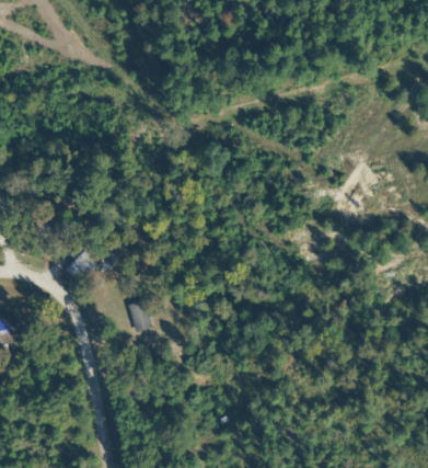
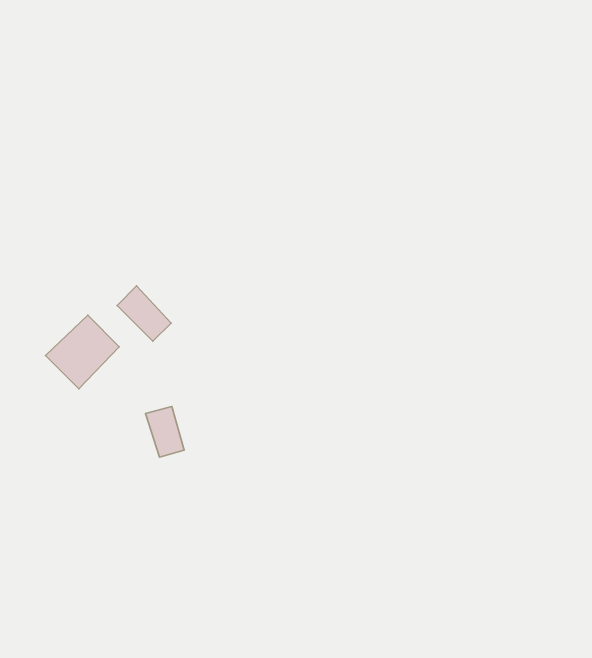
building: none -> [117,286,171,341]

